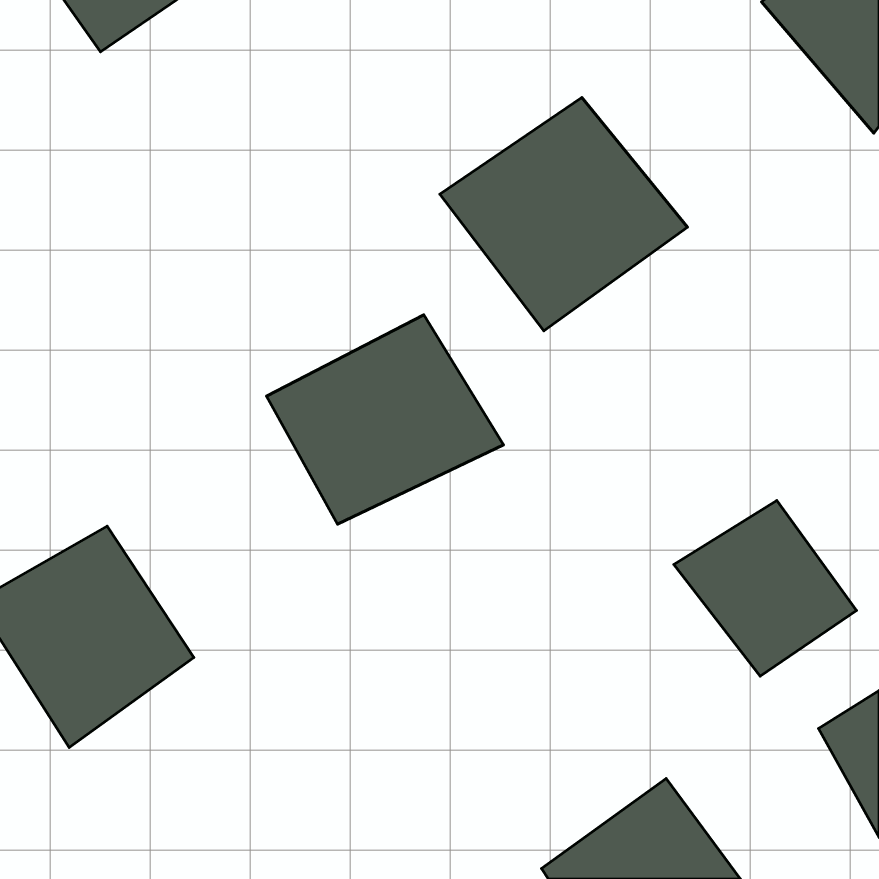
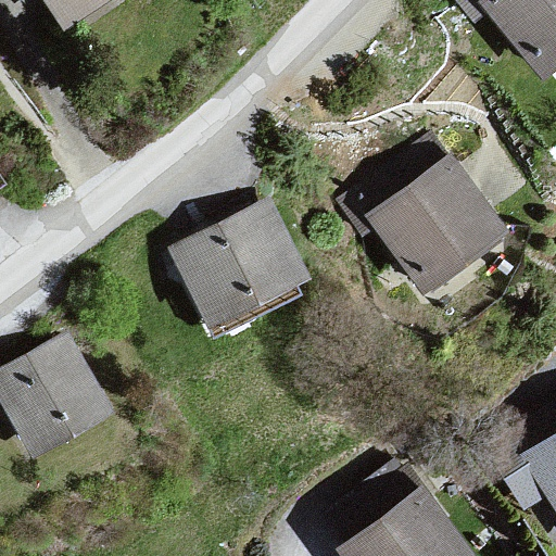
building: [440,97,687,331] -> [362,154,517,301]
building: [674,500,856,676] -> none

